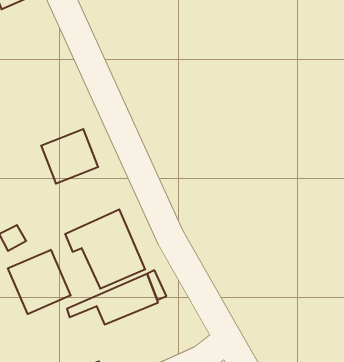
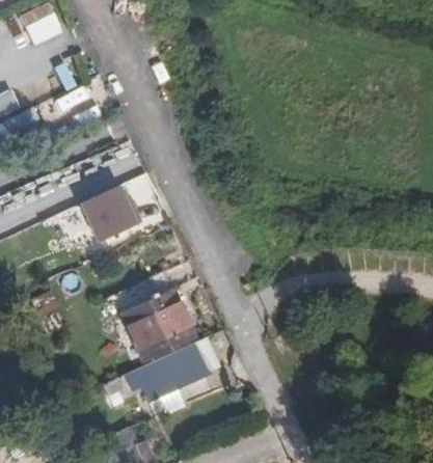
building: [8,250,71,314] -> none

